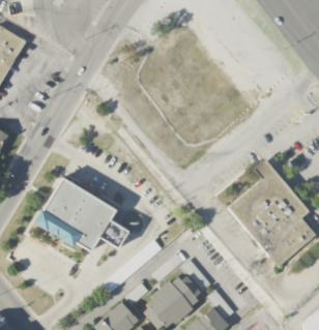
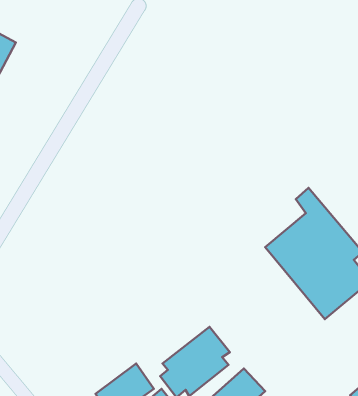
building: [38,178,128,251] -> none

